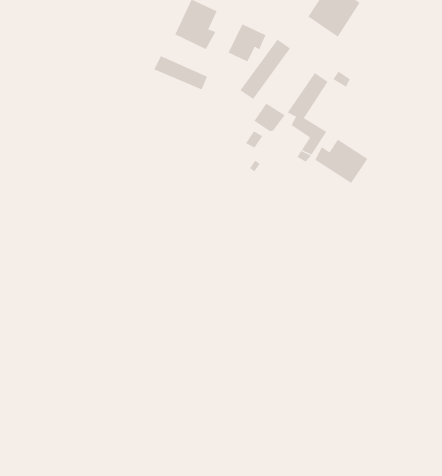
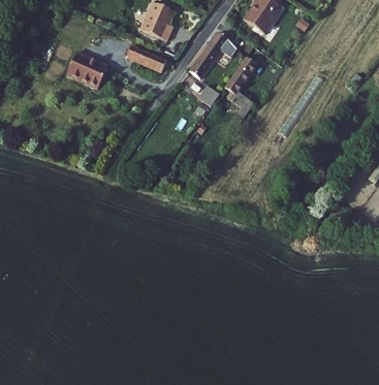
building: [228,23,266,62] -> none
building: none -> [68,54,107,90]
building: [314,139,368,184] -> none

